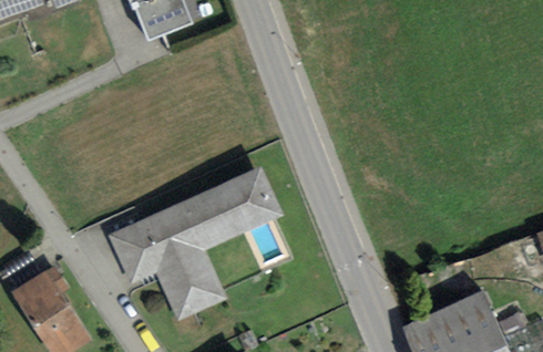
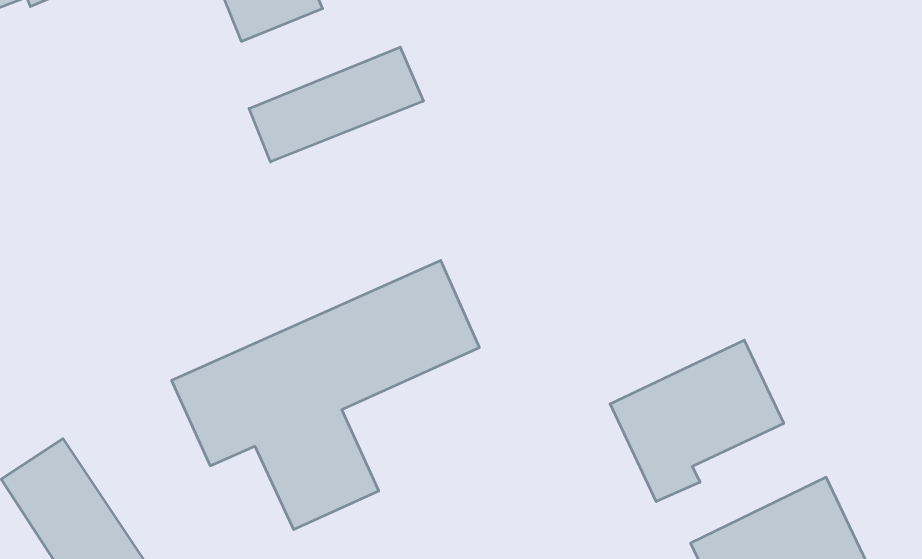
building: none -> [249,47,423,162]
building: none -> [610,340,784,502]

